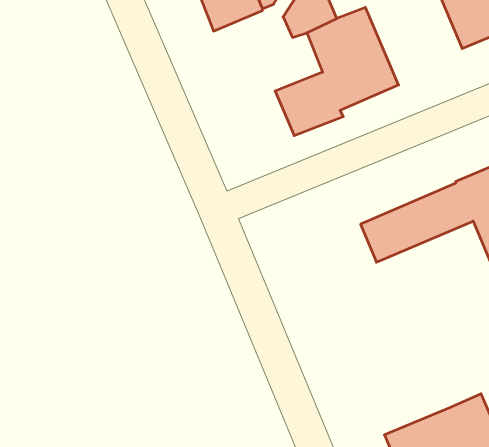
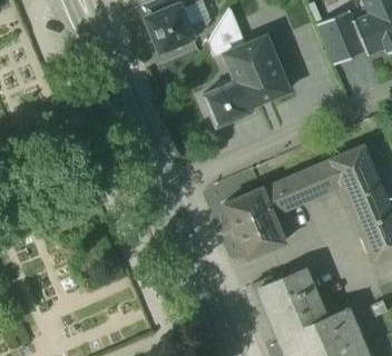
building: none -> [223,187,285,258]
building: none -> [252,268,324,336]

